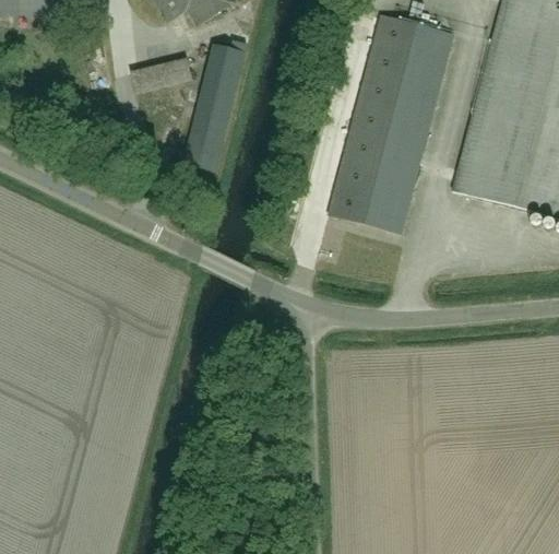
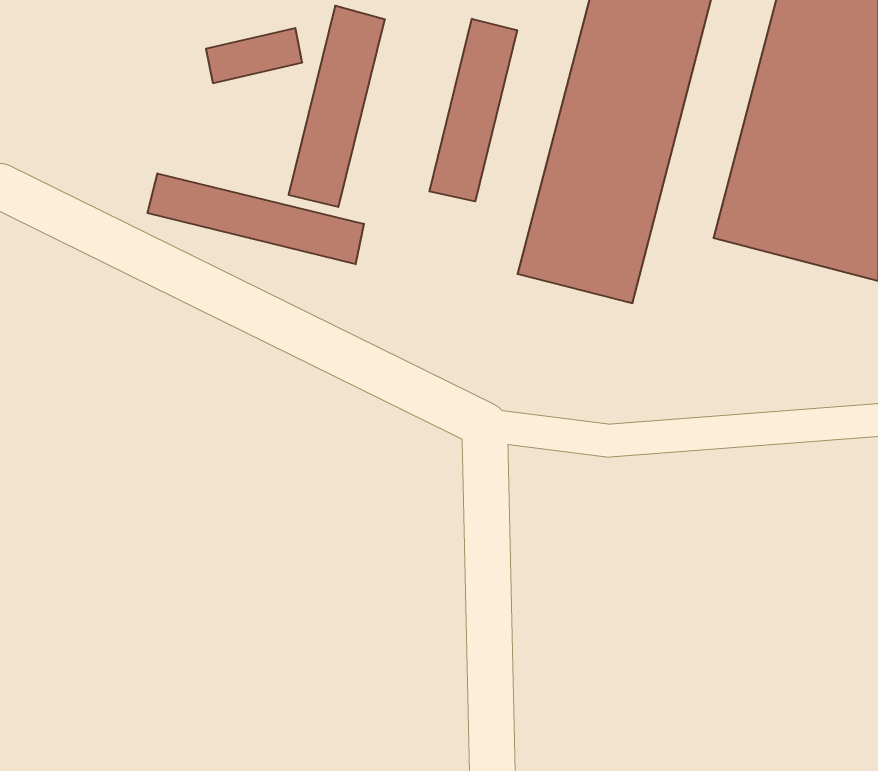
building: none -> [430,19,517,201]
building: none -> [147,173,364,264]

